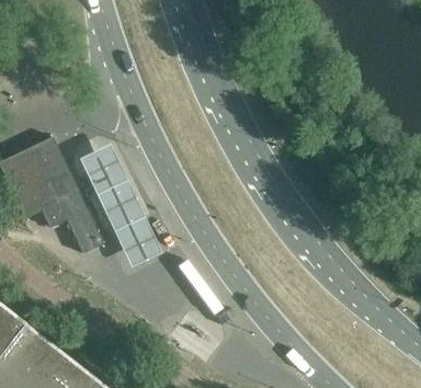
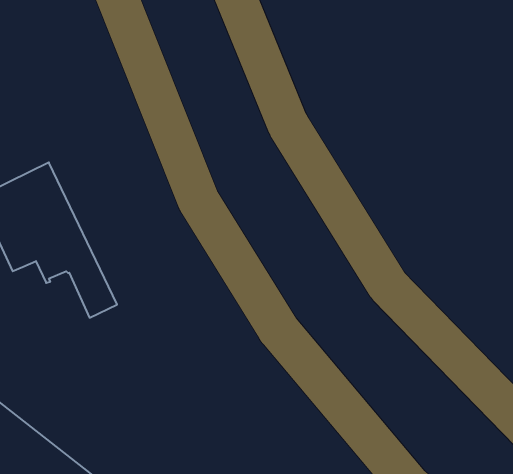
building: [81,142,164,266] -> none

